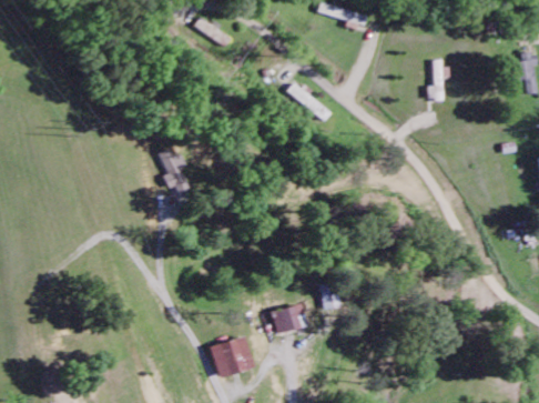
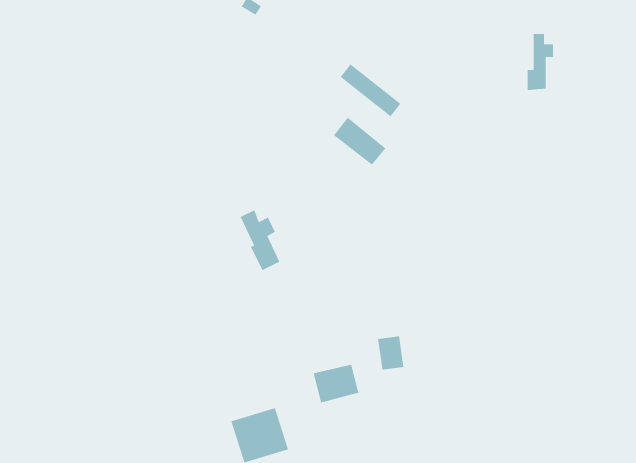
building: none -> [333,117,386,166]
building: [155,148,185,193] -> [240,209,280,271]

